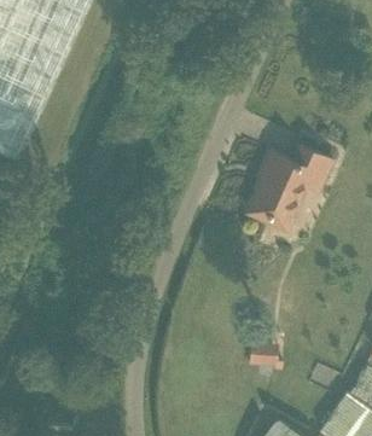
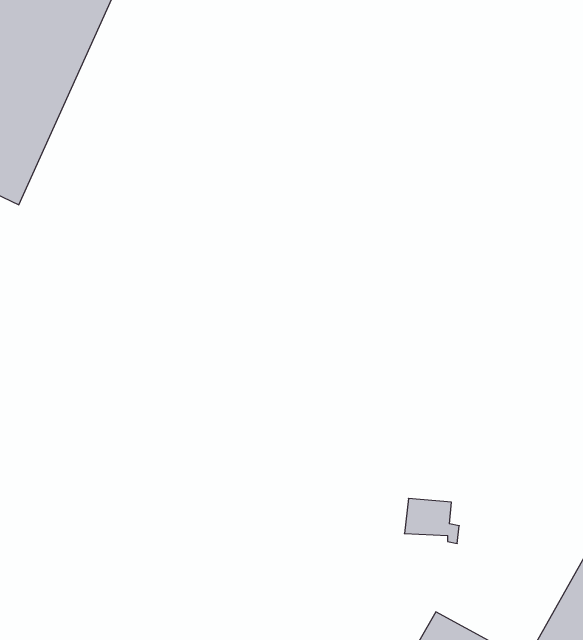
building: [249,149,332,231] -> none

